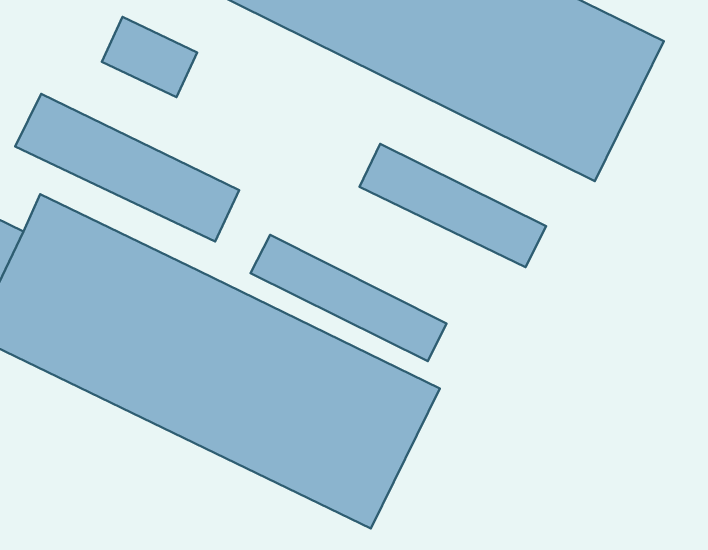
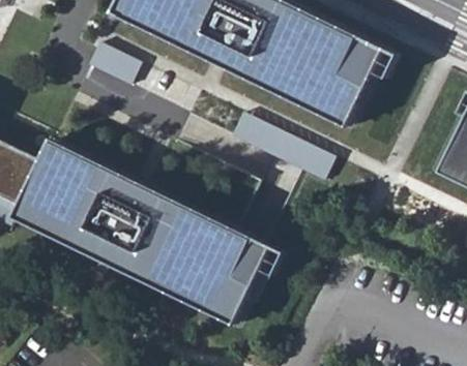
building: [15,94,239,241] -> none
building: [250,235,446,361] -> none

